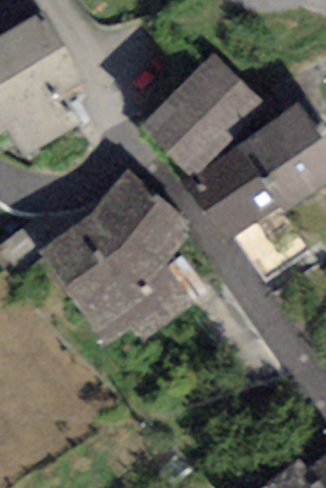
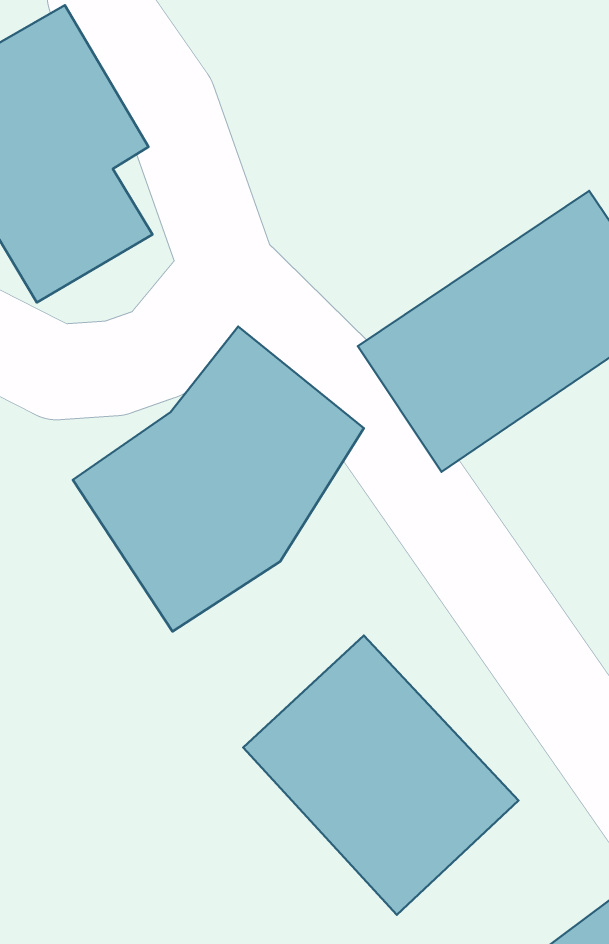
building: [142,54,262,173] -> none
building: none -> [243,635,519,915]

